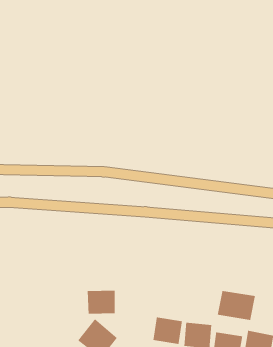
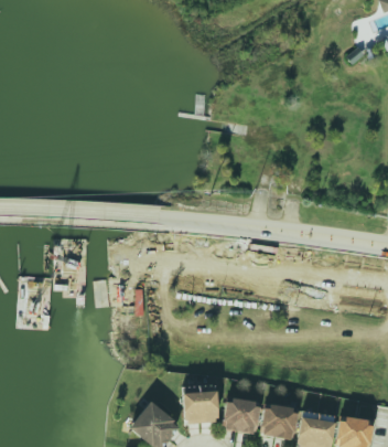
building: [87,290,115,315] -> [184,391,219,422]
building: [217,290,256,321] -> none

